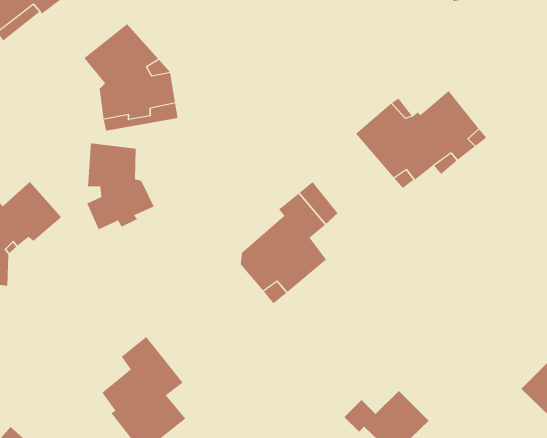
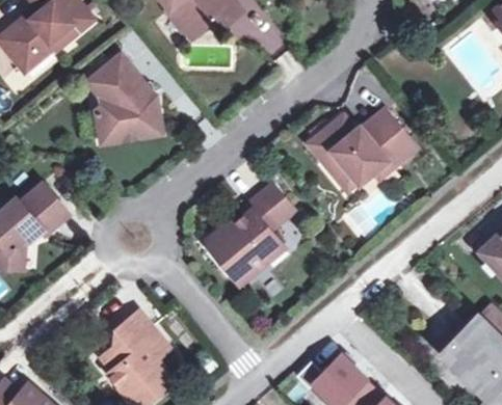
building: [87,142,154,230] -> none

